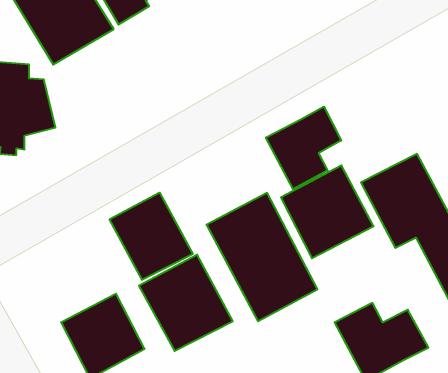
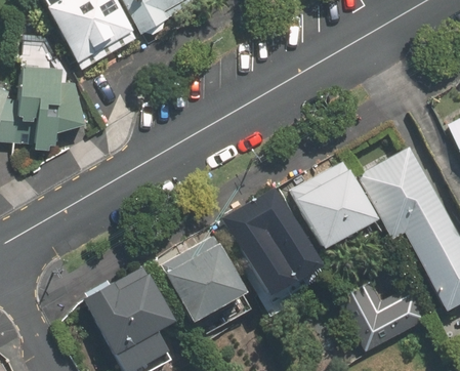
building: [266,107,341,189] -> none
building: [110,193,193,280] -> none

